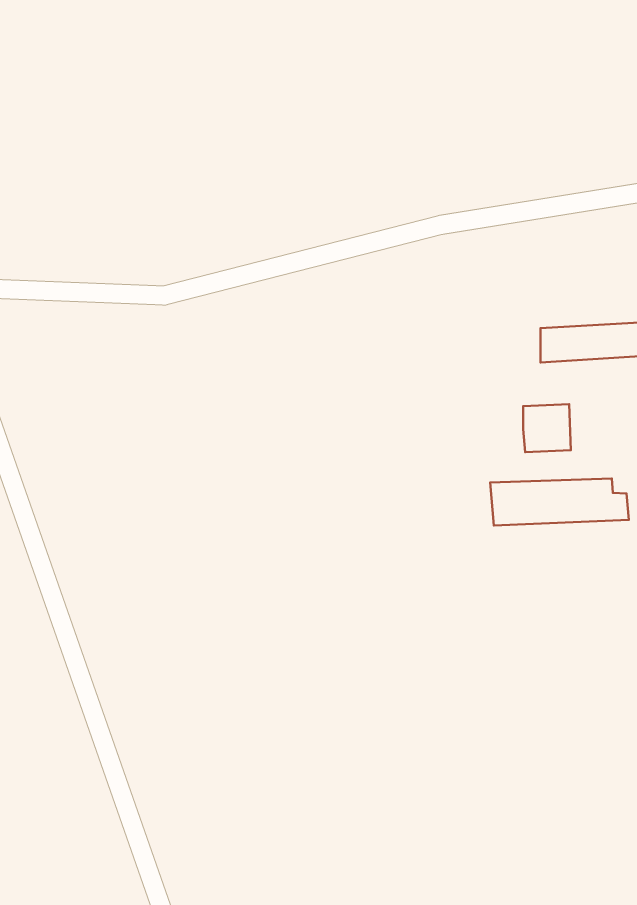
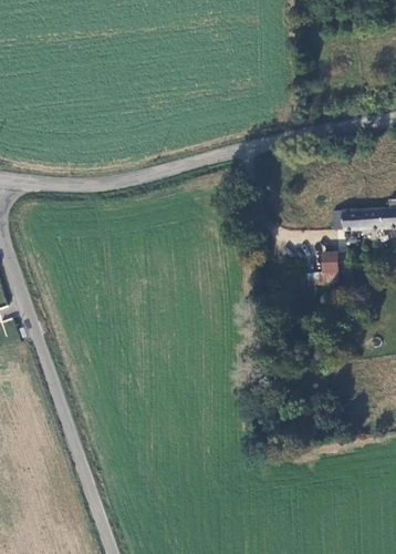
building: [490,478,629,525] -> none

